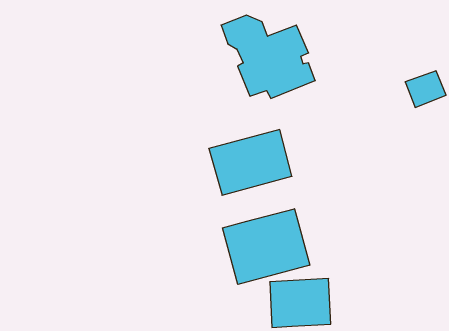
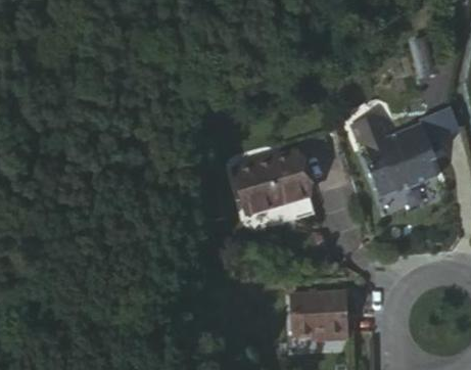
building: [221,15,315,98] -> [345,122,432,198]
building: [222,209,310,284] -> none

